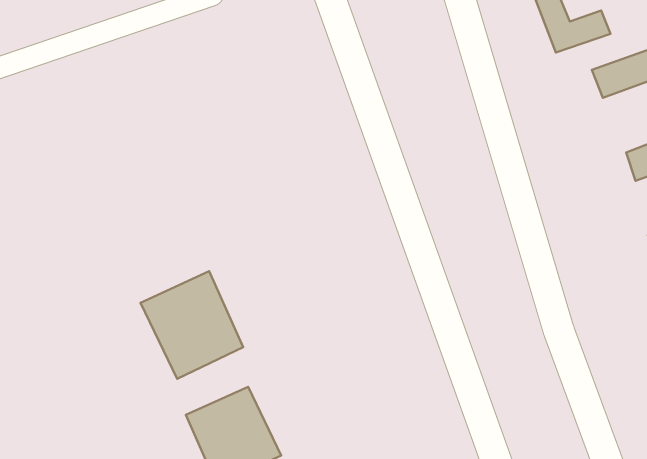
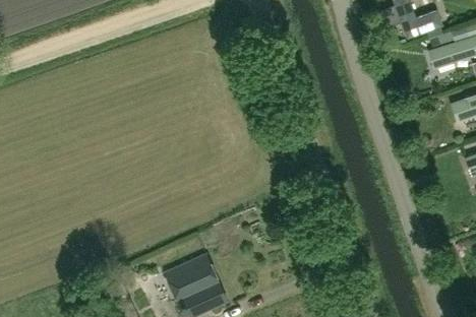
building: [140,271,243,379] -> none

